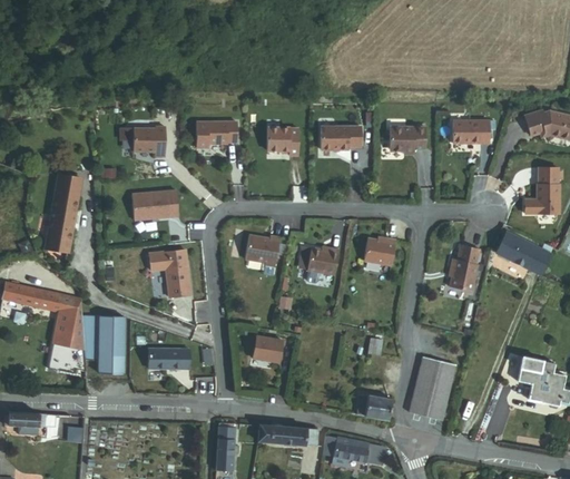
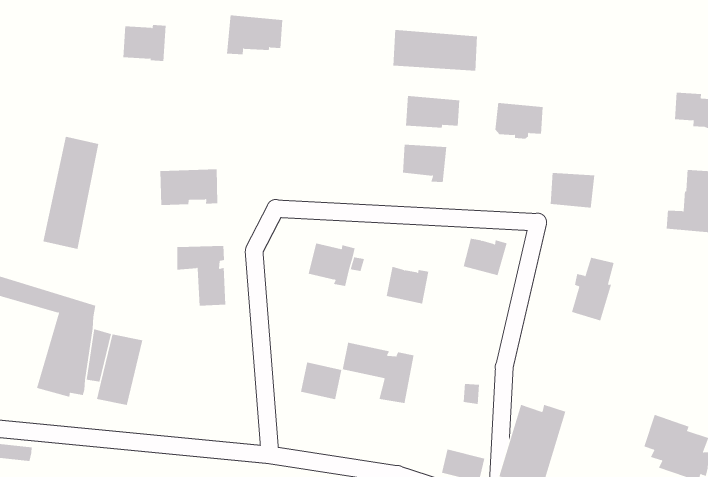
building: none -> [393,29,477,71]
building: [195,118,237,148] -> [226,15,283,55]
building: [458,118,491,144] -> [550,173,595,208]
building: [132,124,165,151] -> [123,25,166,61]
building: [265,127,298,155] -> [402,144,447,183]
building: [500,233,554,275] -> none
building: none -> [342,342,414,404]
building: [148,350,190,371] -> none

